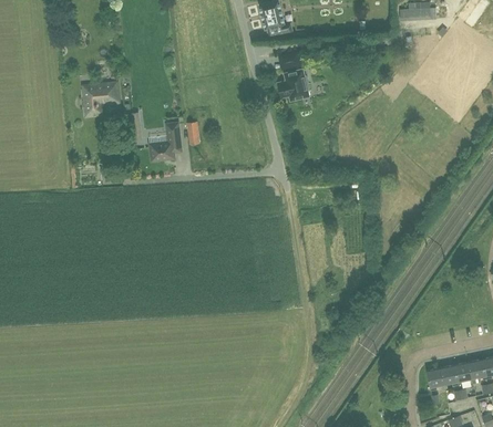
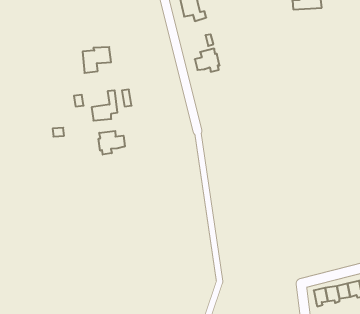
building: [84,82,120,114] -> [83,47,111,73]
building: none -> [99,131,125,155]

